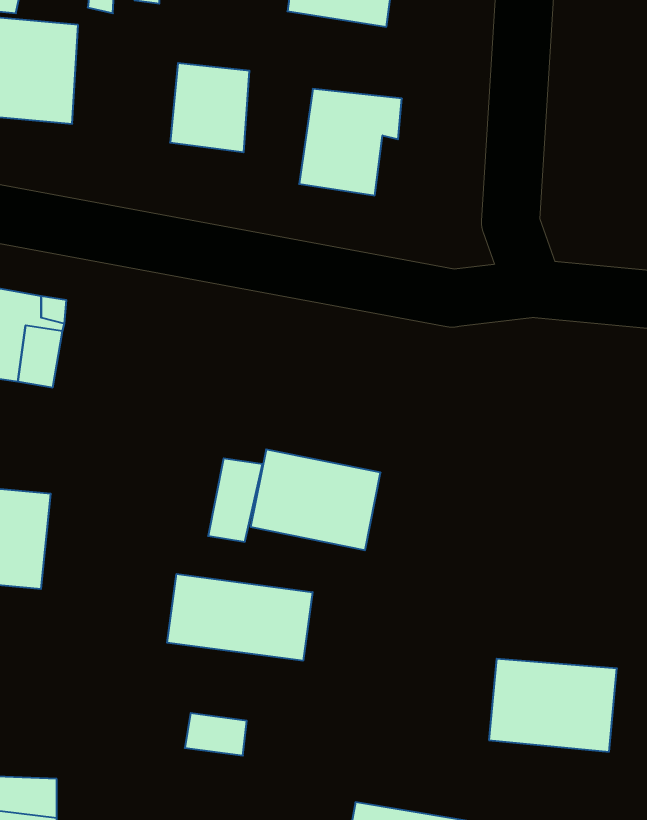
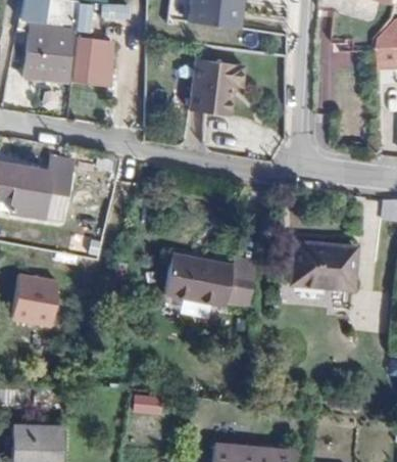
building: [170,63,250,152] -> [72,39,114,86]
building: [208,458,262,542] -> [225,266,253,310]
building: [167,574,313,661] -> none
building: [489,659,617,752] -> [289,241,356,290]

